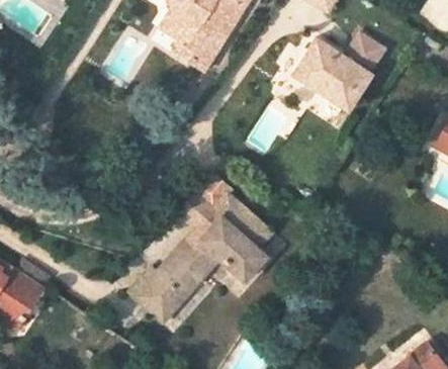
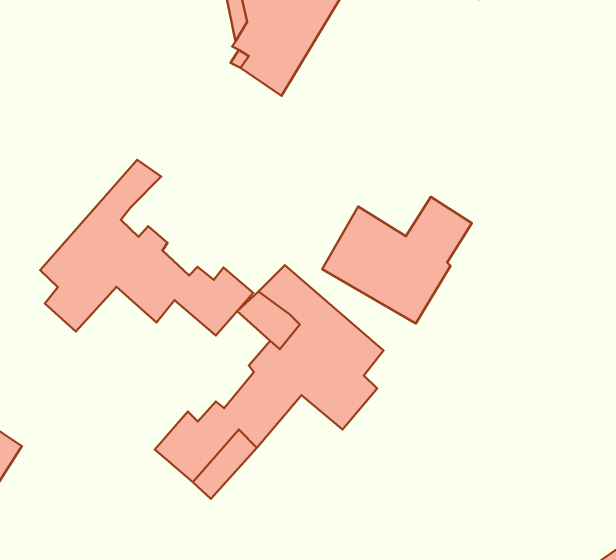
building: [290,33,382,111] -> [322,197,472,323]
building: none -> [40,160,253,335]

